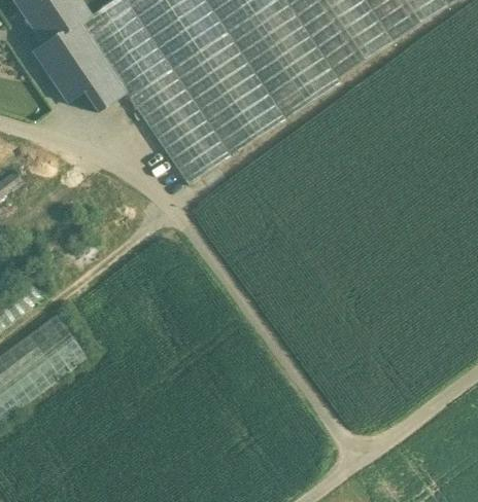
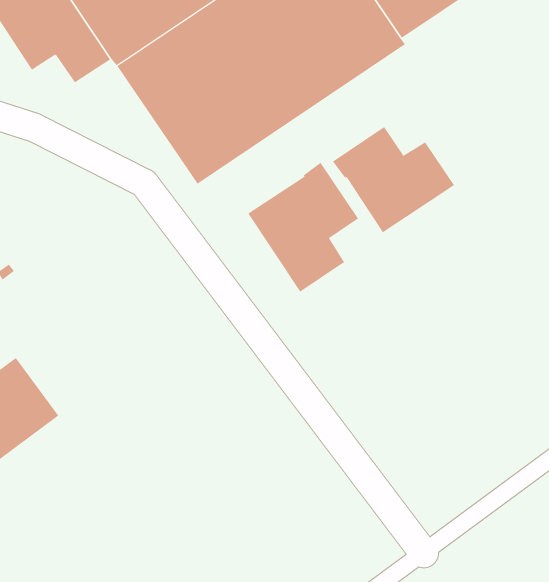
building: none -> [332,126,455,233]
building: none -> [248,162,359,292]

